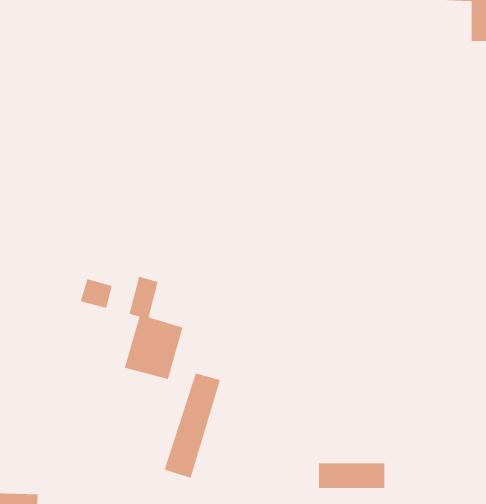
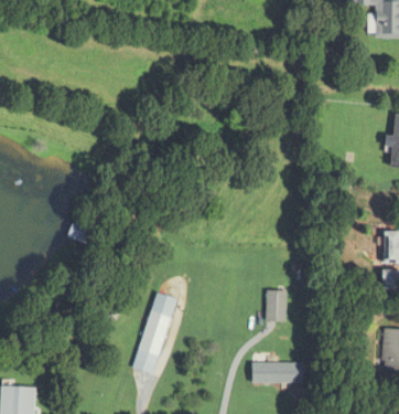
building: [124,276,183,380] -> none
building: none -> [267,290,285,321]

